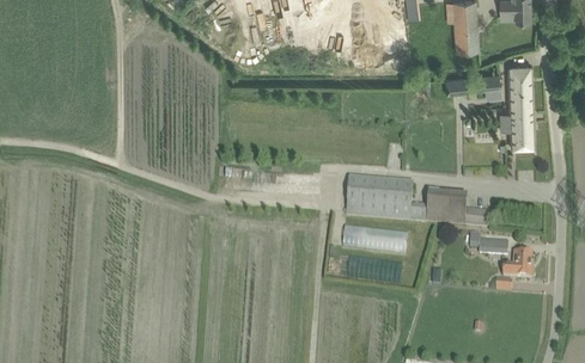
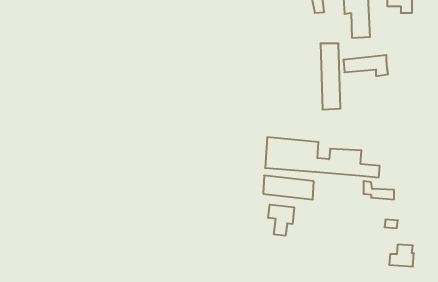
building: [507,66,532,148] -> [320,43,341,109]
building: [501,250,532,277] -> [389,245,414,267]
building: none -> [268,204,294,236]

